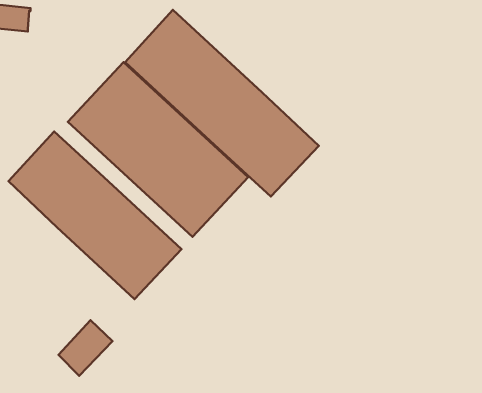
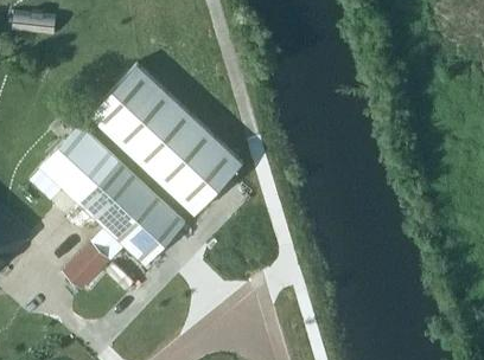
building: [125,10,319,197] -> none
building: [58,320,113,376] -> [63,242,109,289]

